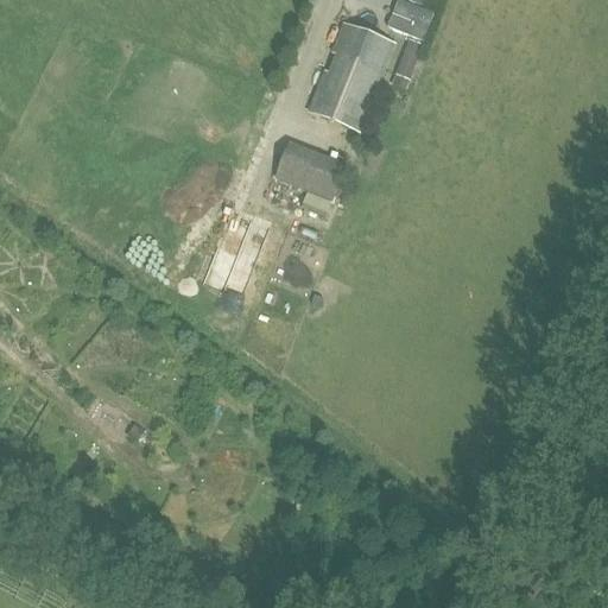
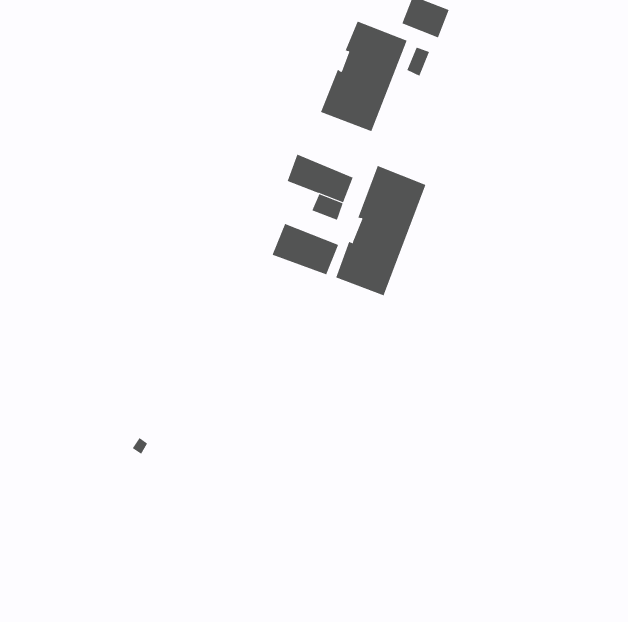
building: none -> [336,165,426,296]
building: none -> [272,223,339,275]

